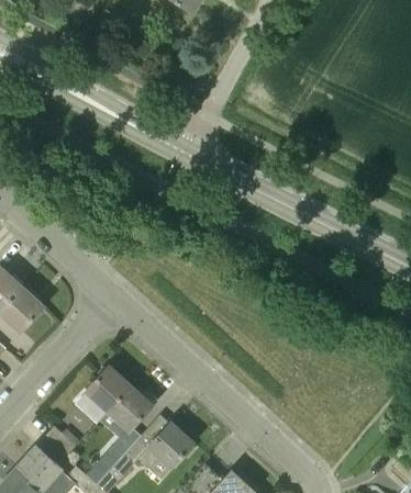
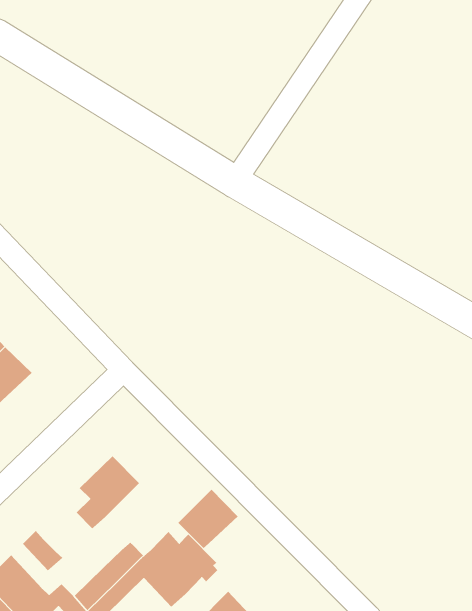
building: [107,385,153,432] -> [178,489,239,549]

